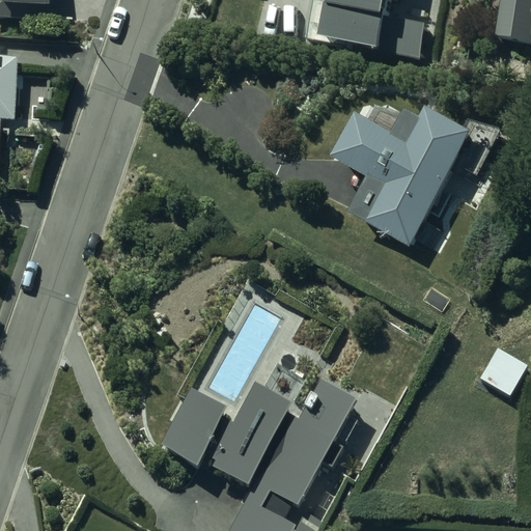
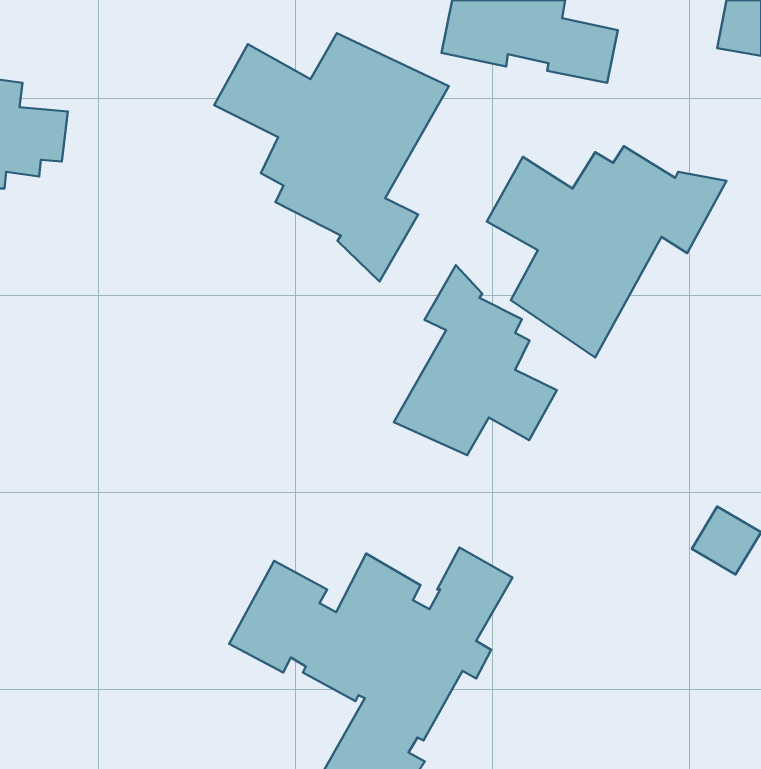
building: none -> [214,33,449,281]
building: none -> [394,265,557,455]

